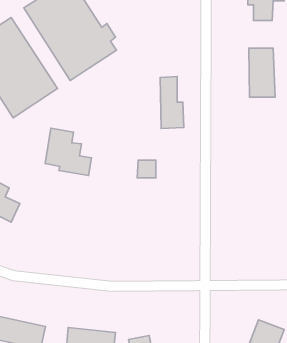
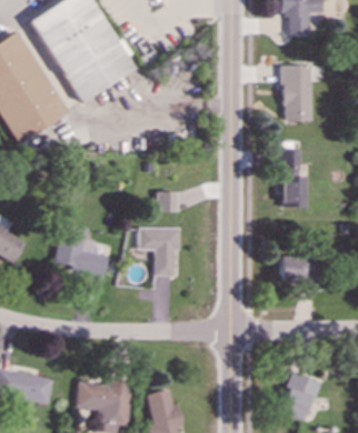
building: [160,76,184,129] -> [281,148,308,207]
building: [45,128,91,175] -> [56,222,108,275]
building: none -> [139,226,180,275]
building: none -> [280,256,314,281]

